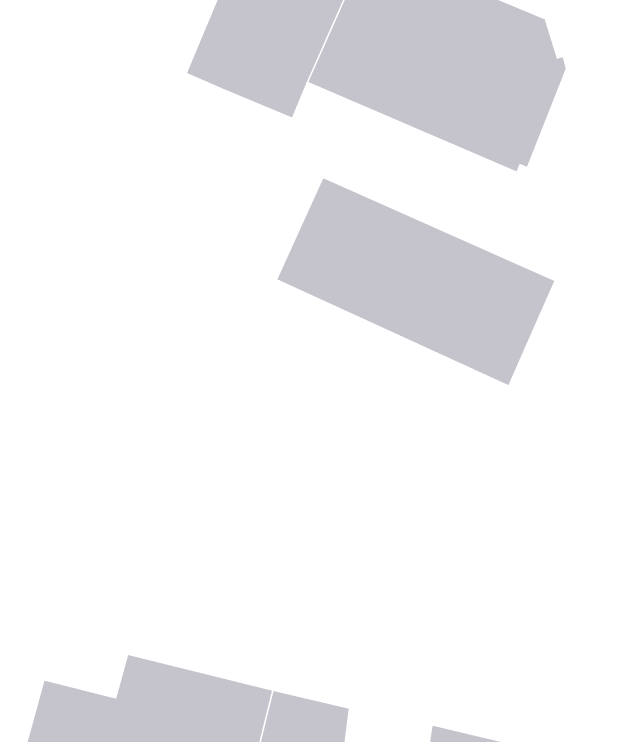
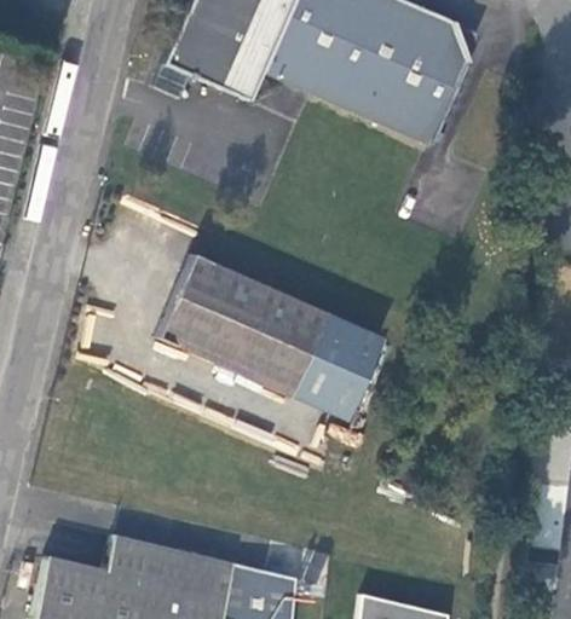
building: [276,177,555,386] -> [156,256,381,424]

